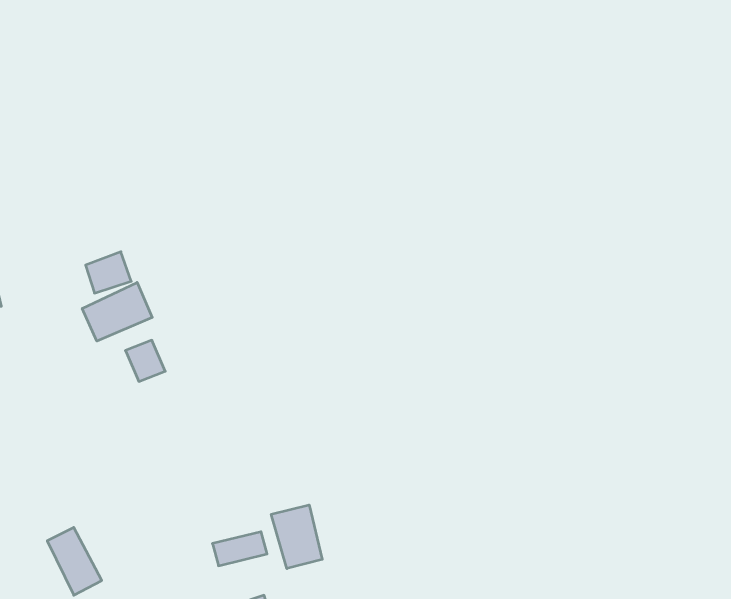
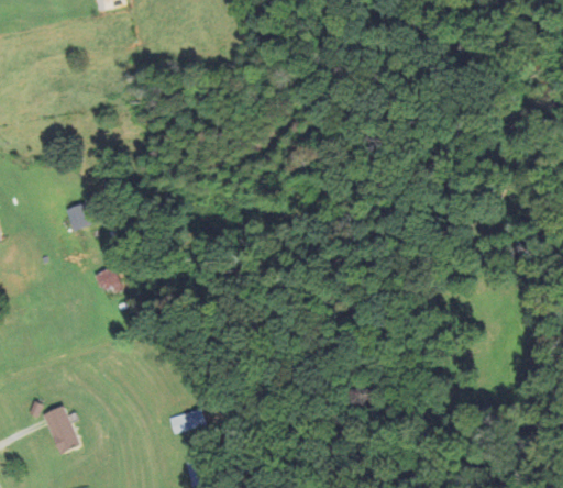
building: [82,282,152,341] -> none
building: [271,505,322,569] -> none

